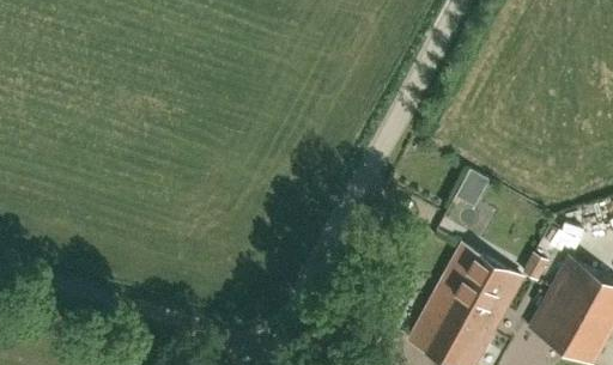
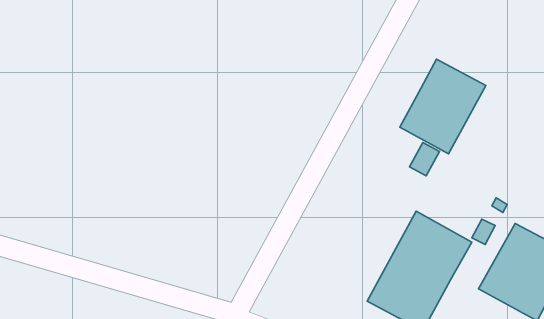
building: none -> [400,59,486,154]

